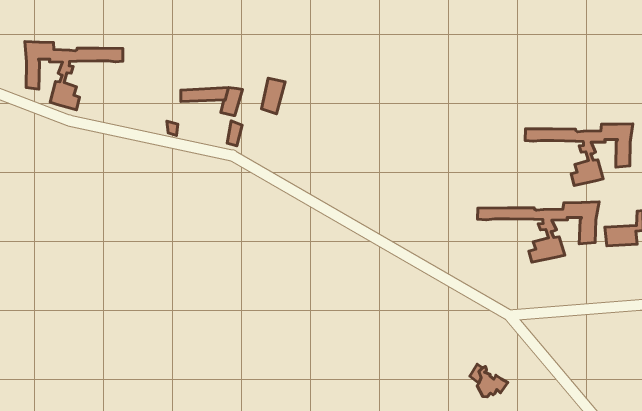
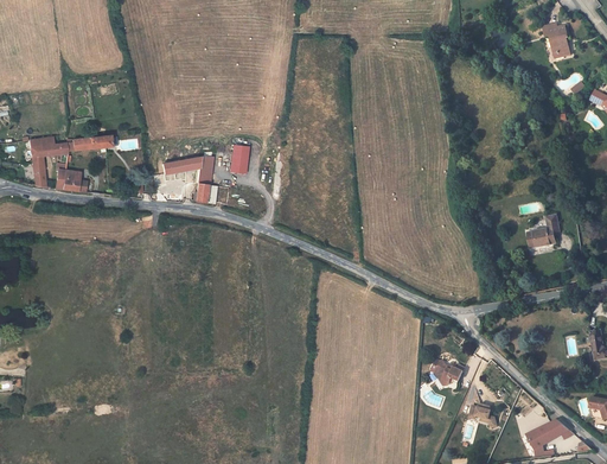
building: [525,124,633,185] -> none
building: [477,202,599,262] -> none

